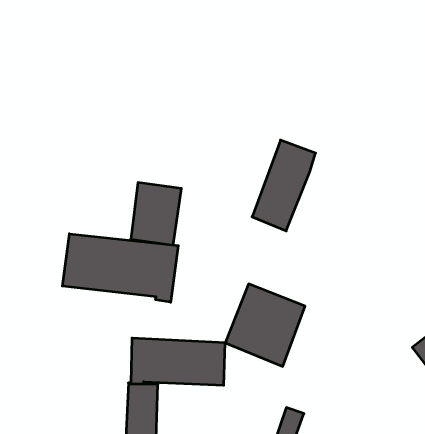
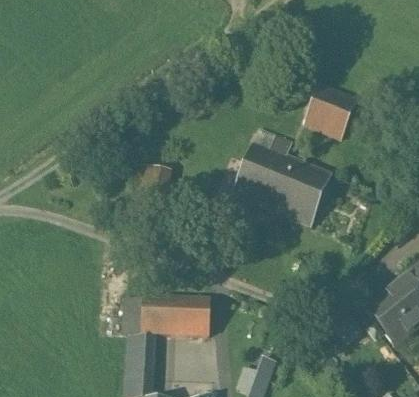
building: none -> [302,82,356,137]
building: [62,234,178,302] -> none
building: [225,284,305,366] -> [261,154,329,224]

